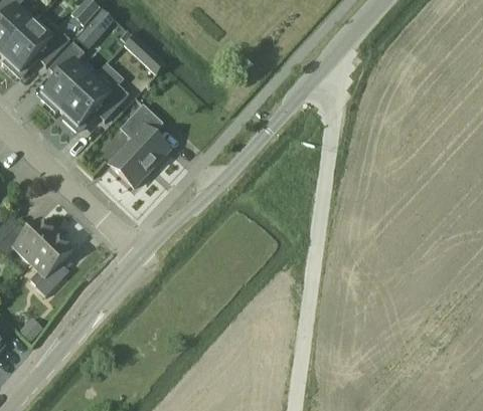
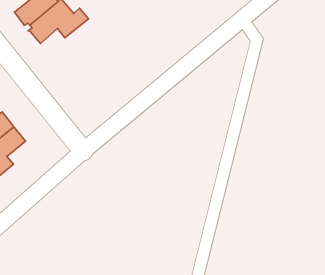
building: [110,101,168,184] -> none

